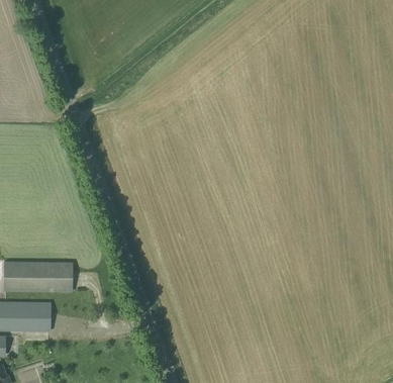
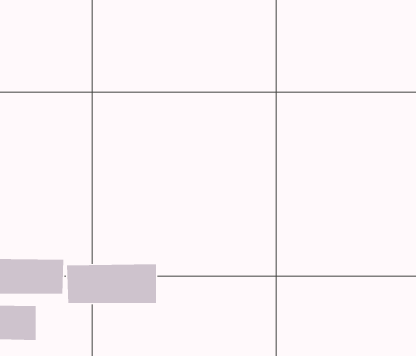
building: none -> [67,263,157,304]

